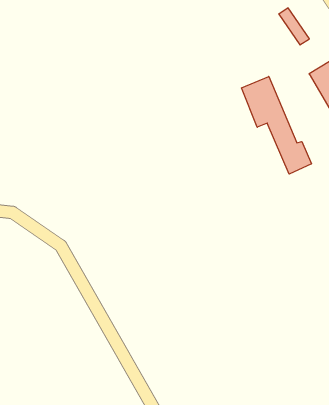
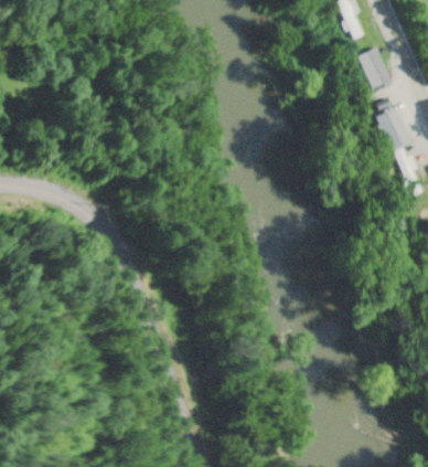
building: [242,76,311,174] -> none

